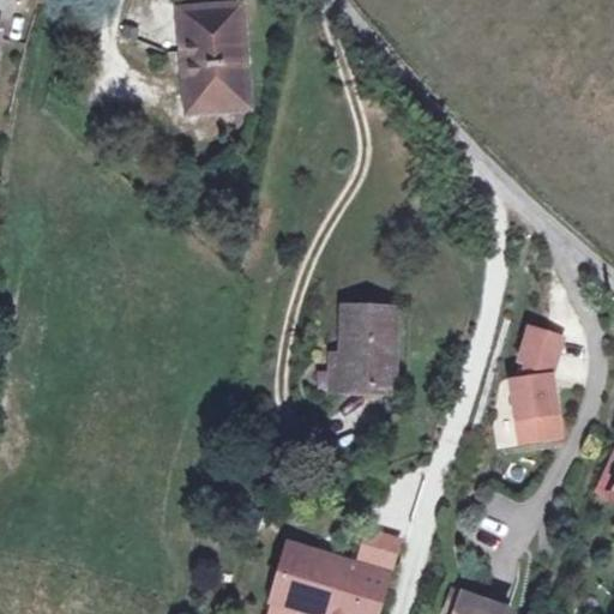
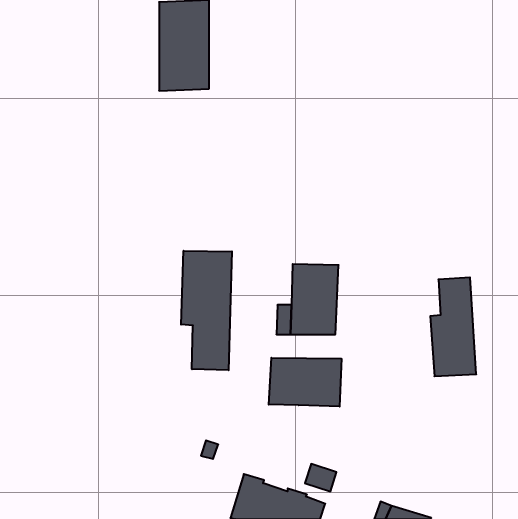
building: none -> [181,251,232,370]
building: none -> [269,358,341,407]

